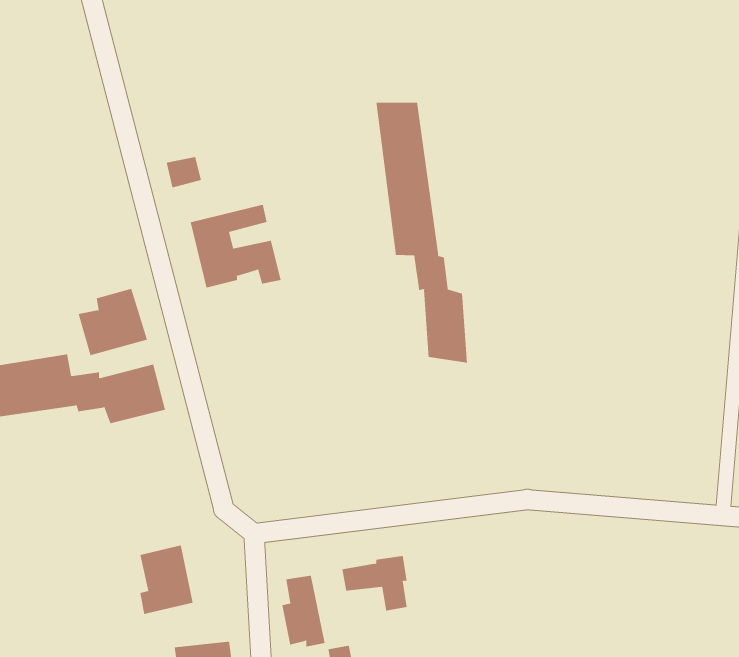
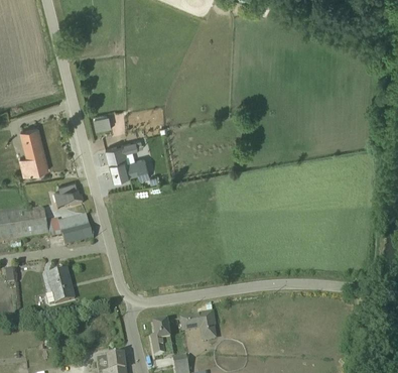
building: [376,102,468,364] -> none
building: none -> [20,121,49,169]
building: [139,545,193,615] -> [46,268,74,303]

